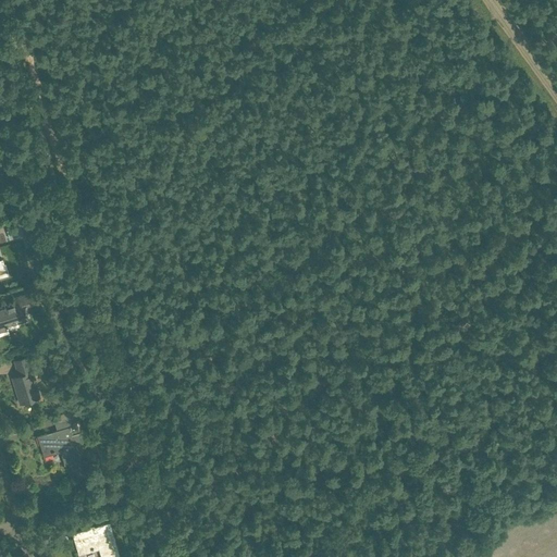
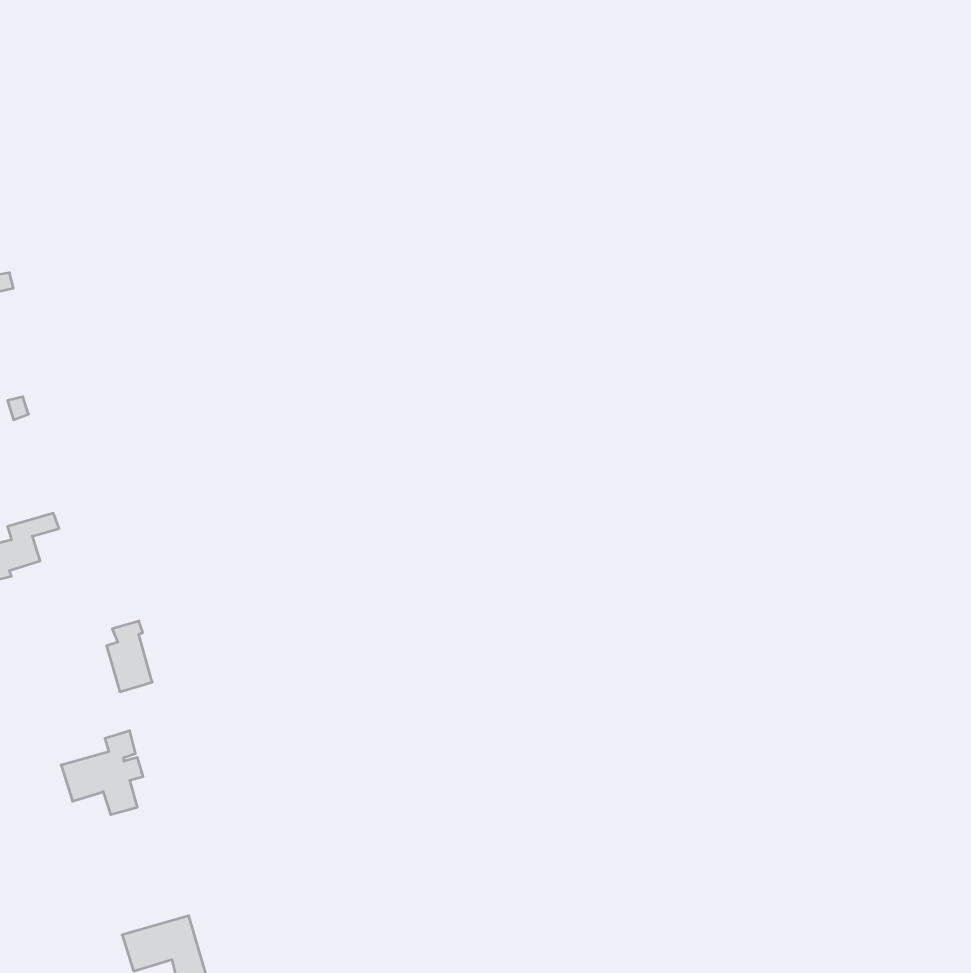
building: [11,364,37,405] -> [106,621,152,692]

